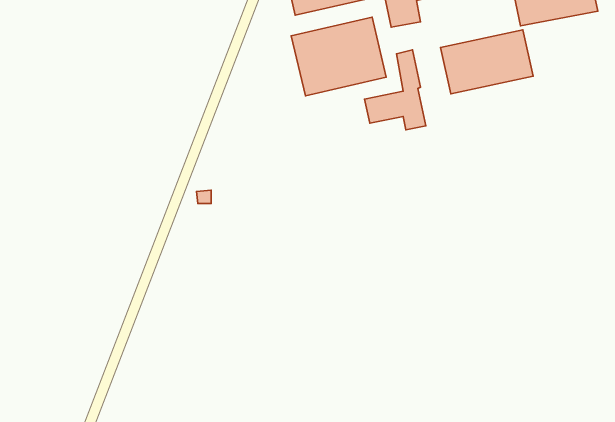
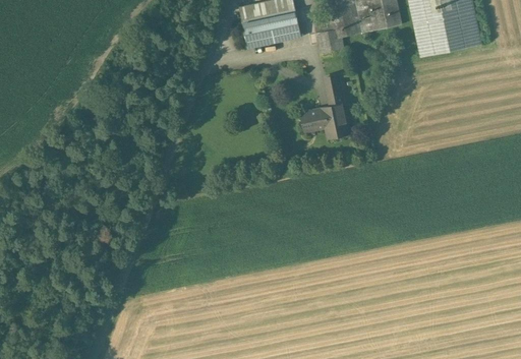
building: [291,17,386,96] -> none
building: [441,30,533,94] -> none

